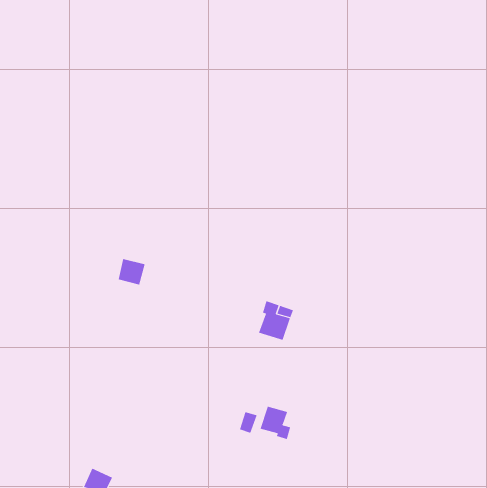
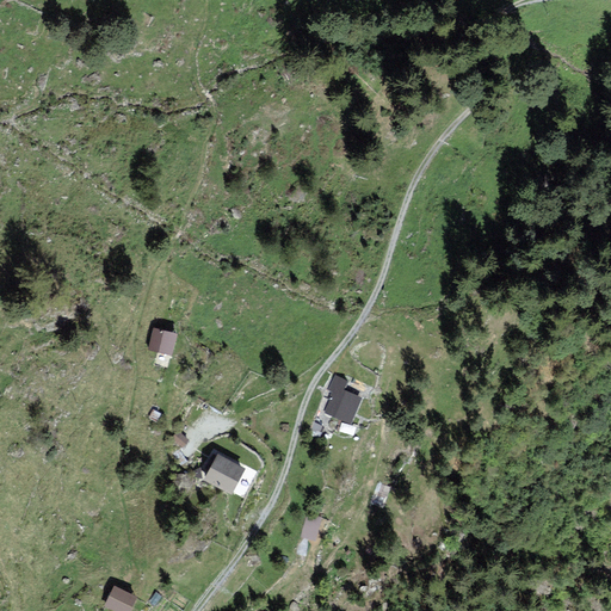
building: none -> [200,452,247,496]
building: [260,406,291,440] -> none

